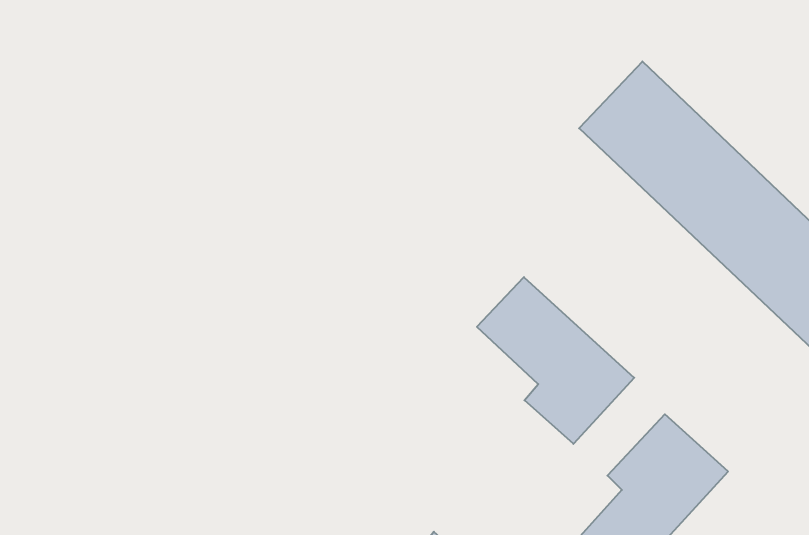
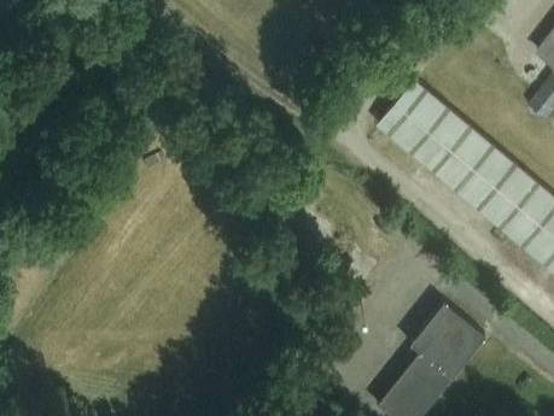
building: [477,277,634,444] -> none

